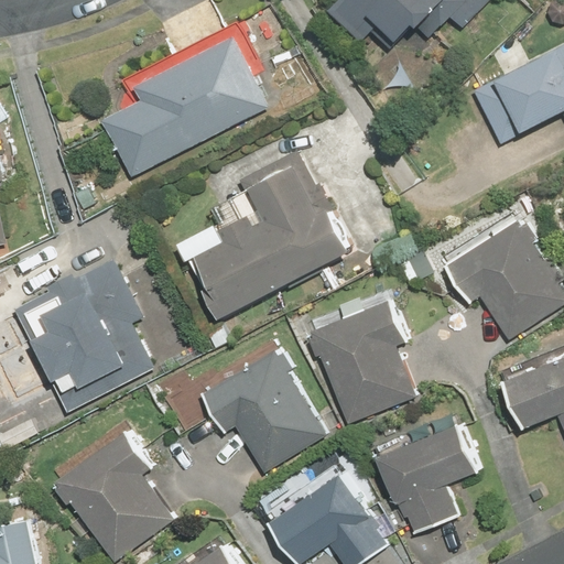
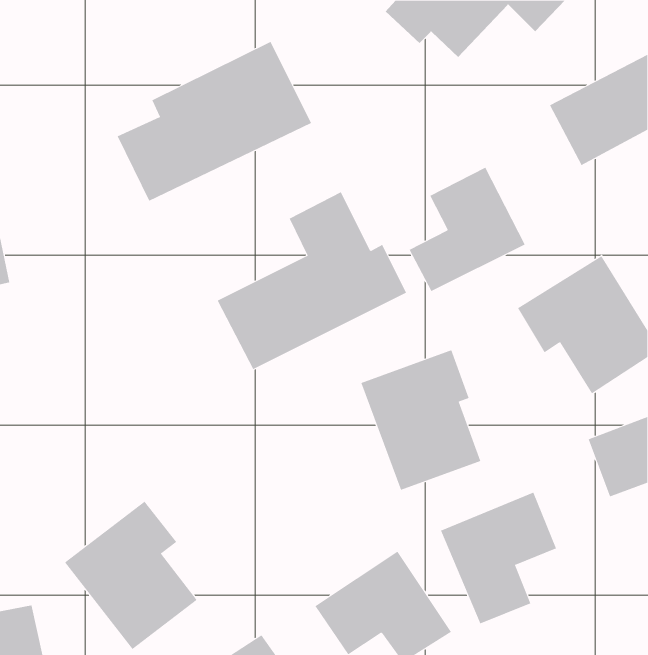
building: none -> [409,167,525,292]
building: [15,261,153,412] -> none
building: [200,348,327,475] -> none

